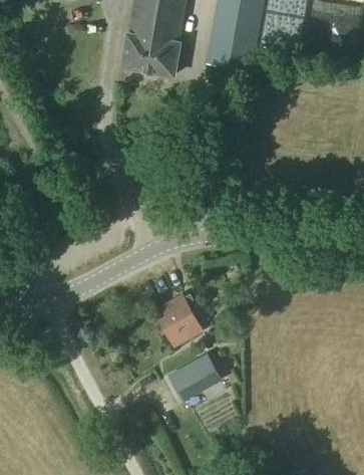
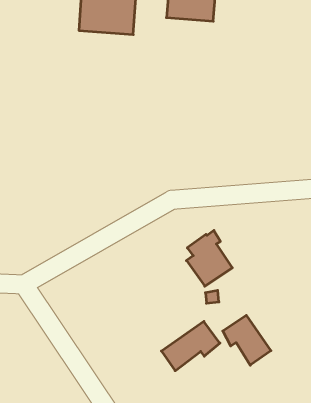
building: [160,292,204,344] -> [186,230,232,286]
building: none -> [223,315,271,365]

